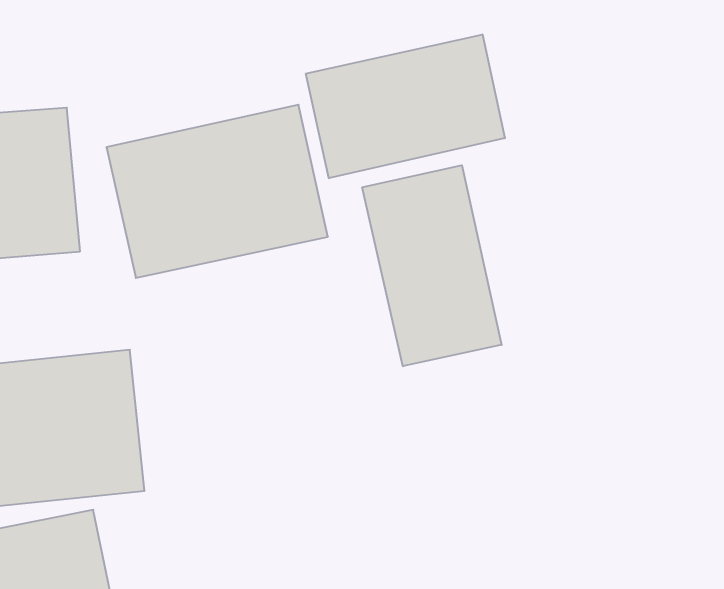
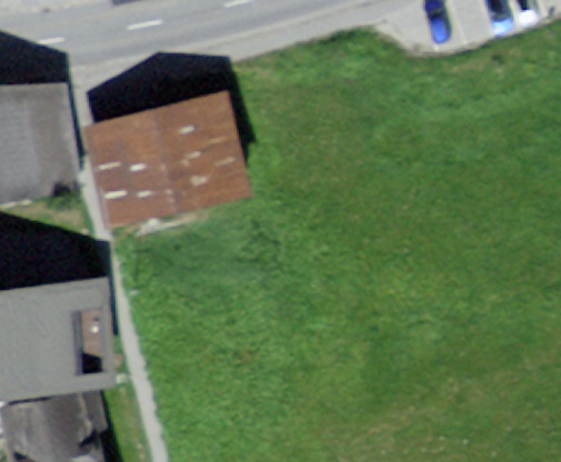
building: [306,34,505,178] -> none
building: [362,165,502,366] -> none

